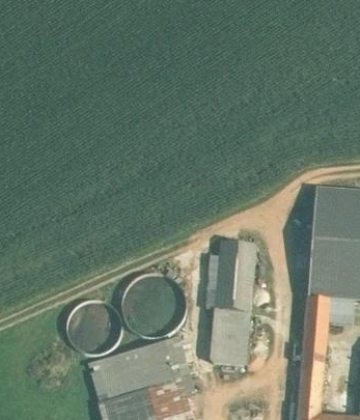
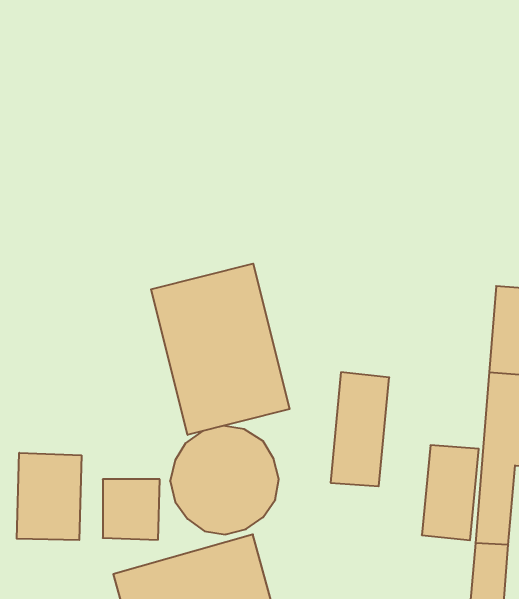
building: none -> [151,264,290,435]
building: none -> [17,453,81,540]
building: [213,308,247,365] -> [422,445,479,540]

